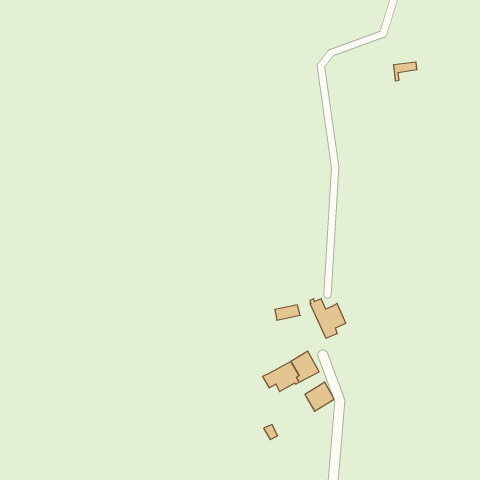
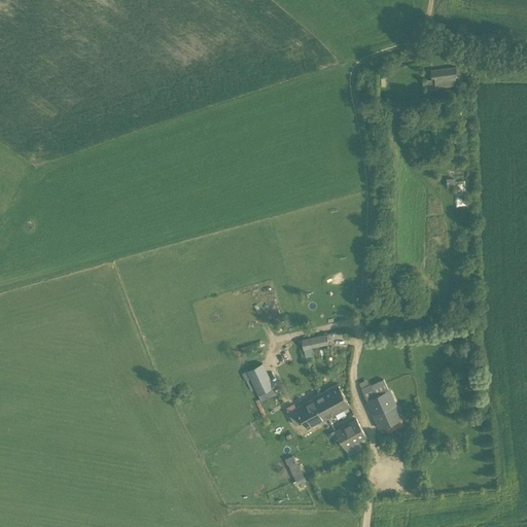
building: [310,299,346,338] -> [360,385,399,428]
building: none -> [245,363,273,395]

